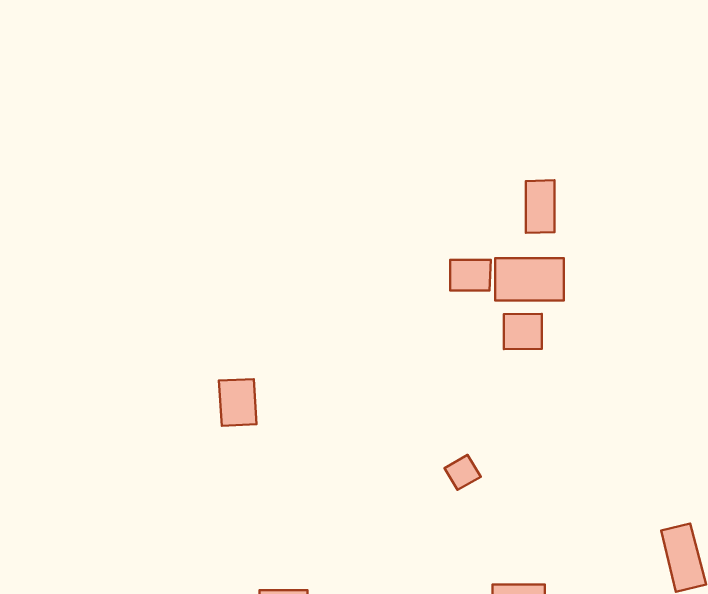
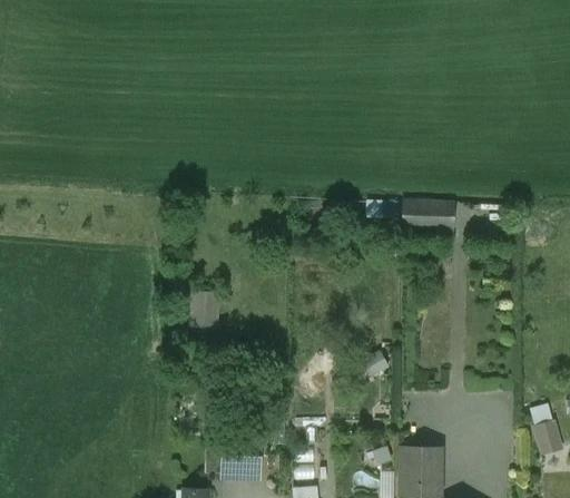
building: [526,180,555,233] -> none
building: [504,314,542,349] -> none

